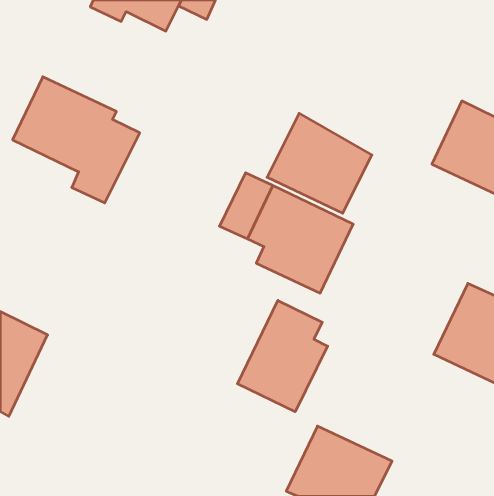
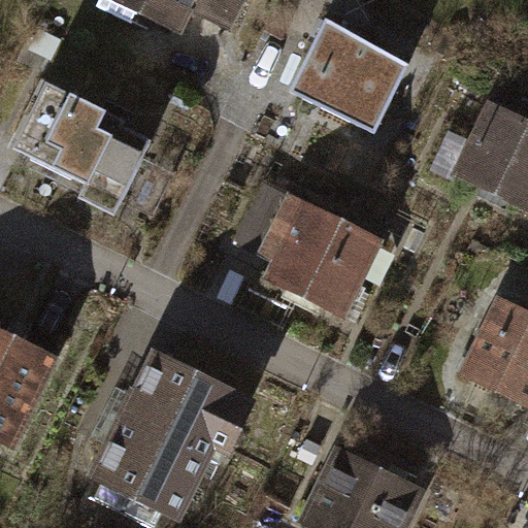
building: [267,113,372,213] -> [292,20,403,126]
building: [237,300,328,412] -> none
building: none -> [92,358,249,516]

